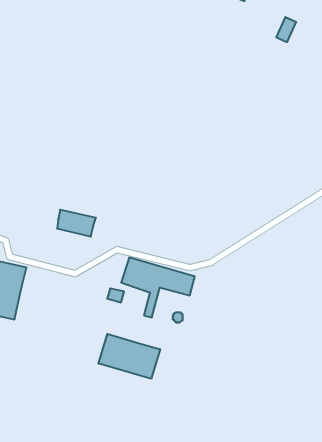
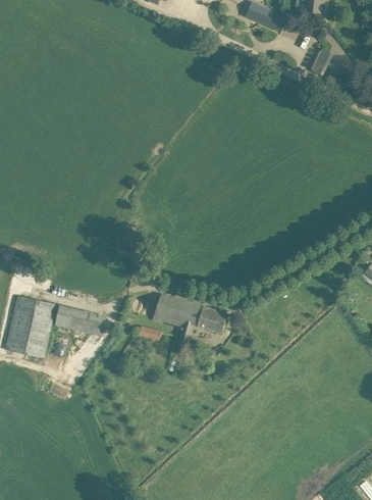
building: [57,210,96,237] -> [56,305,96,333]
building: [98,334,160,379] -> none

